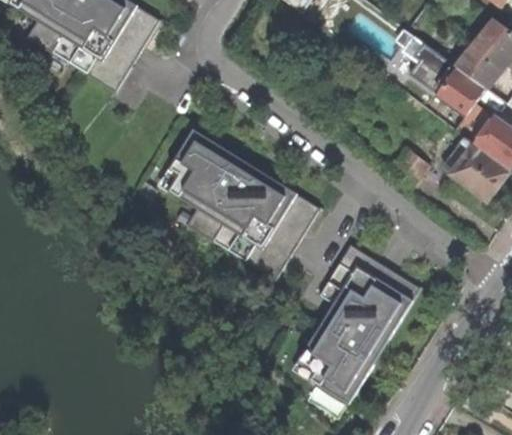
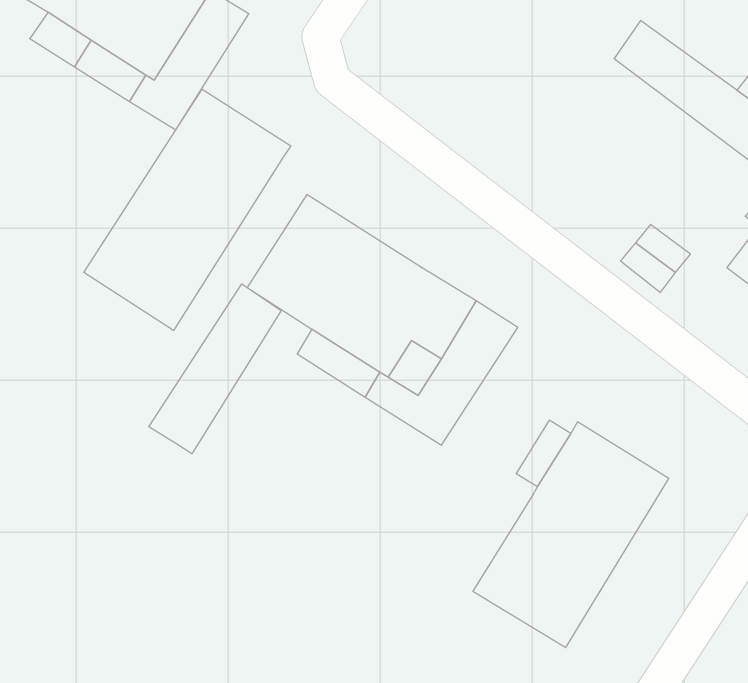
building: none -> [84,89,291,331]
building: none -> [149,284,281,454]
building: [341,246,421,300] -> none

